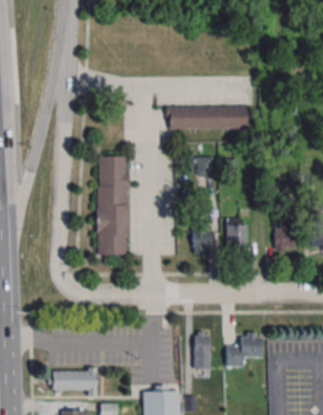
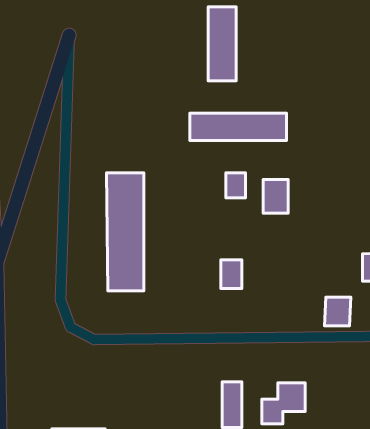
building: none -> [208,7,236,81]
building: [227,219,248,248] -> [263,179,288,213]
building: [274,227,296,251] -> [325,297,351,326]

